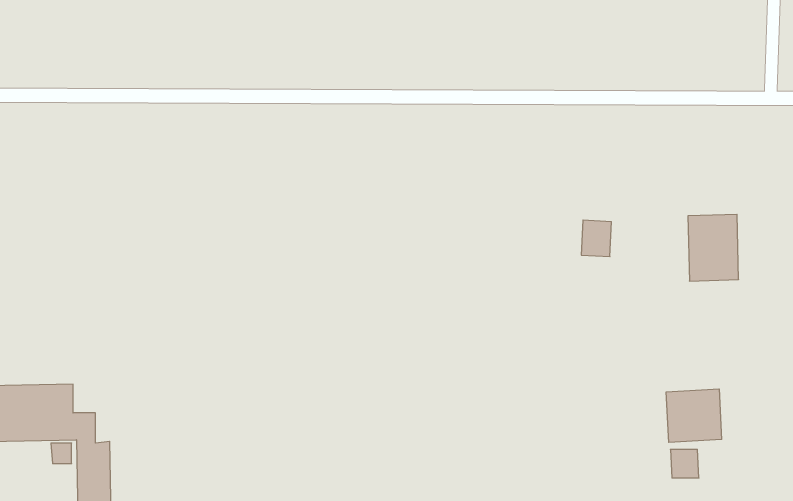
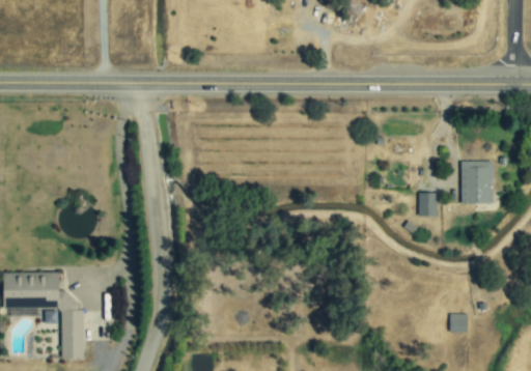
building: [581,220,611,257] -> [418,193,438,217]
building: [666,389,722,442] -> none

